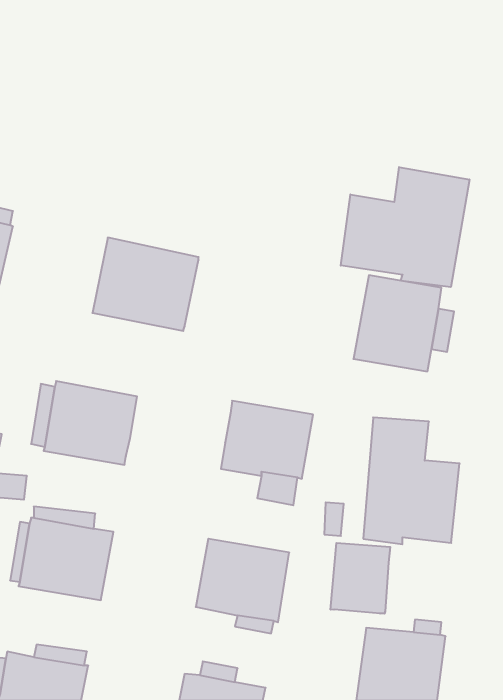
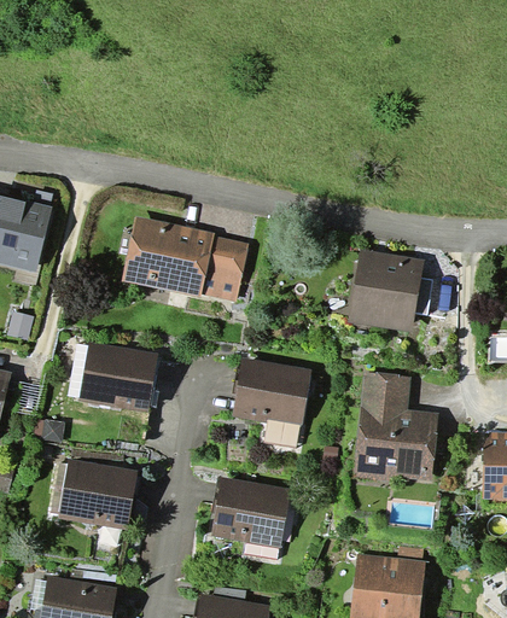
building: [341,167,469,287] -> none
building: none -> [200,235,247,301]
building: [331,543,390,614] -> none

